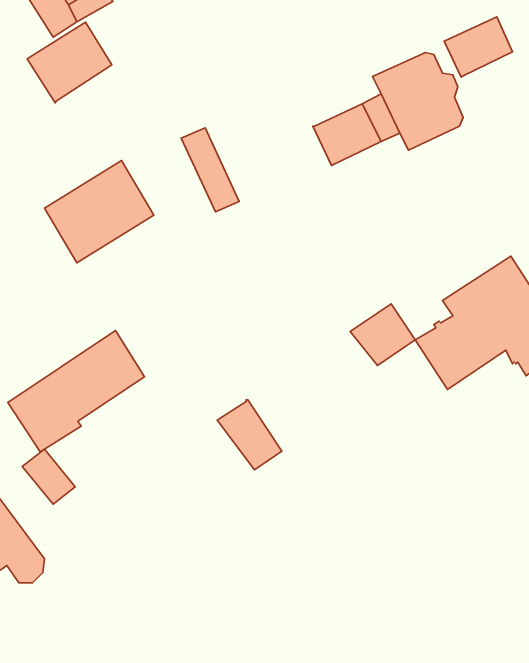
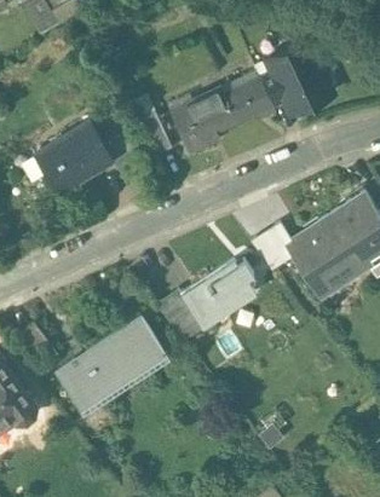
building: [444,17,512,77] -> none
building: [27,22,112,103] -> none
building: none -> [169,92,237,156]
building: [8,331,145,452] -> [57,320,154,406]
building: none -> [180,260,253,328]

